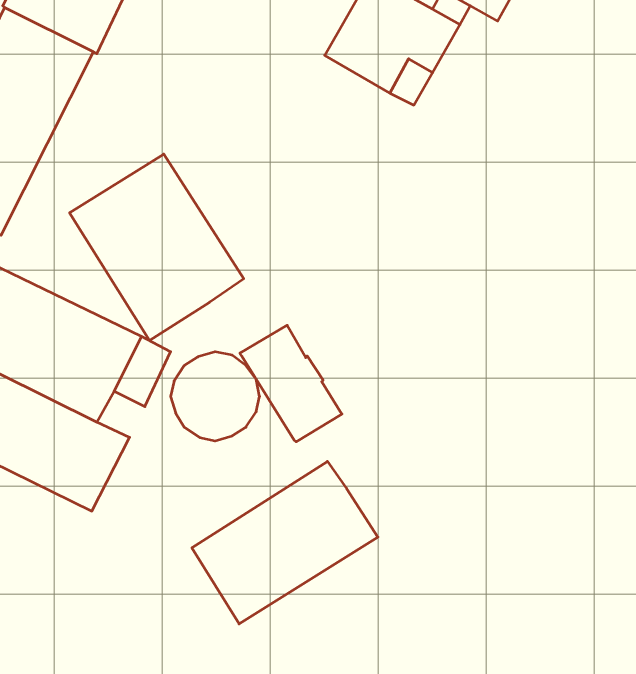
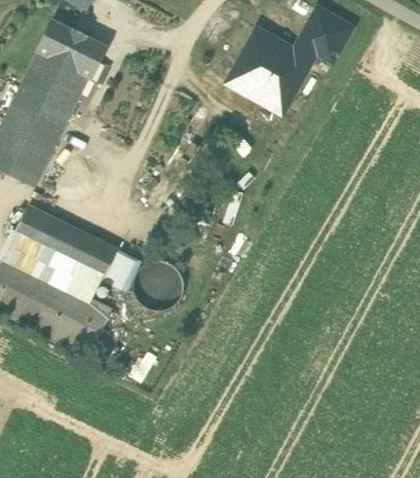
building: [70,154,244,341] -> none
building: [240,325,342,442] -> none
building: [192,461,378,624] -> none

